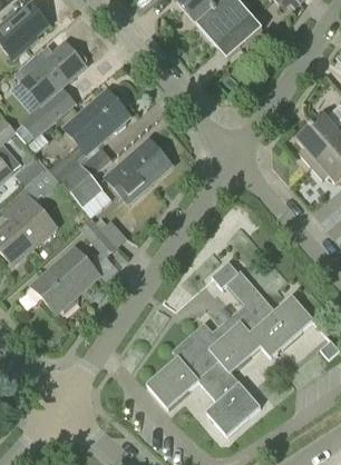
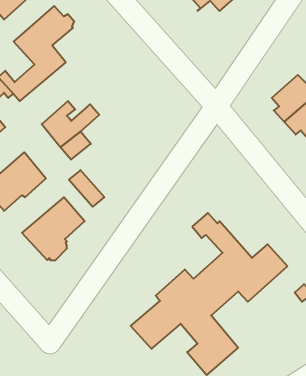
building: [65,89,129,152] -> none
building: [105,139,169,202] -> none
building: [16,155,57,196] -> none

